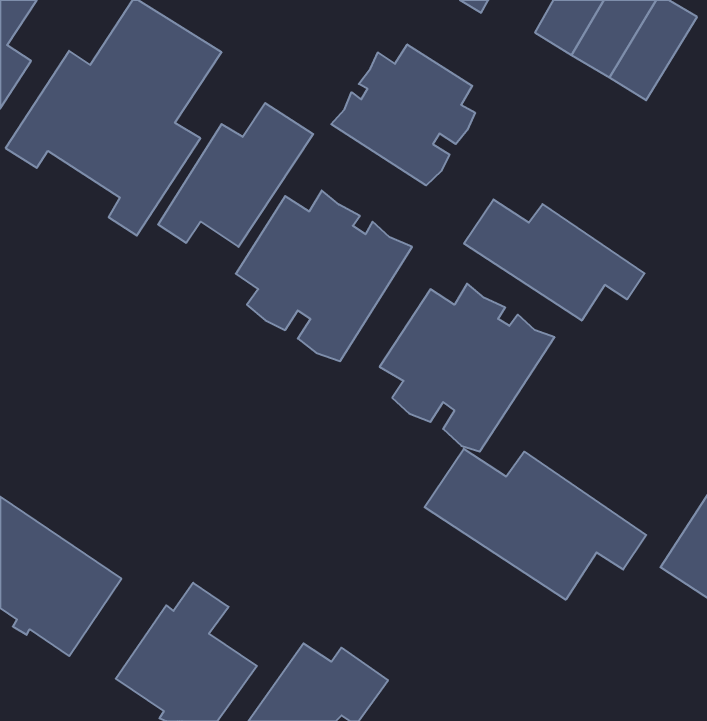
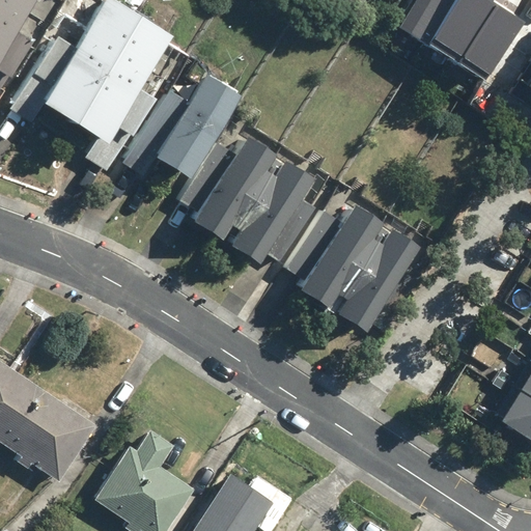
building: [331,44,475,185] -> none
building: [464,199,645,321] -> none
building: [425,449,646,600] -> none

